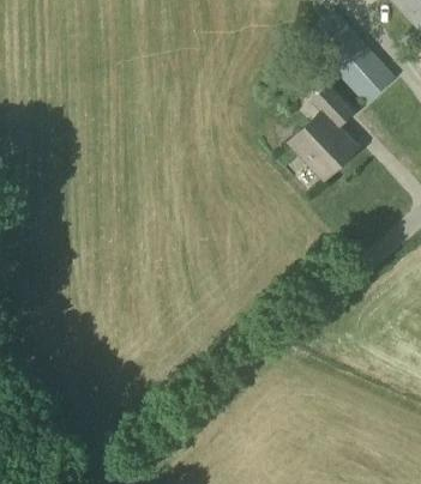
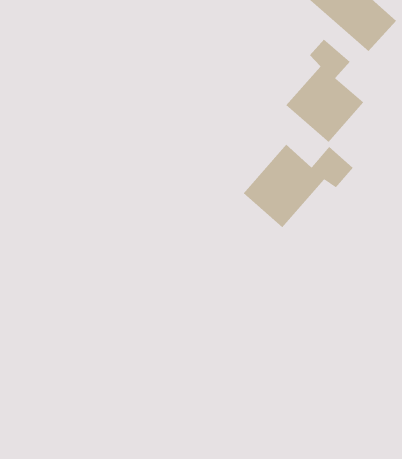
building: none -> [243,144,353,228]

